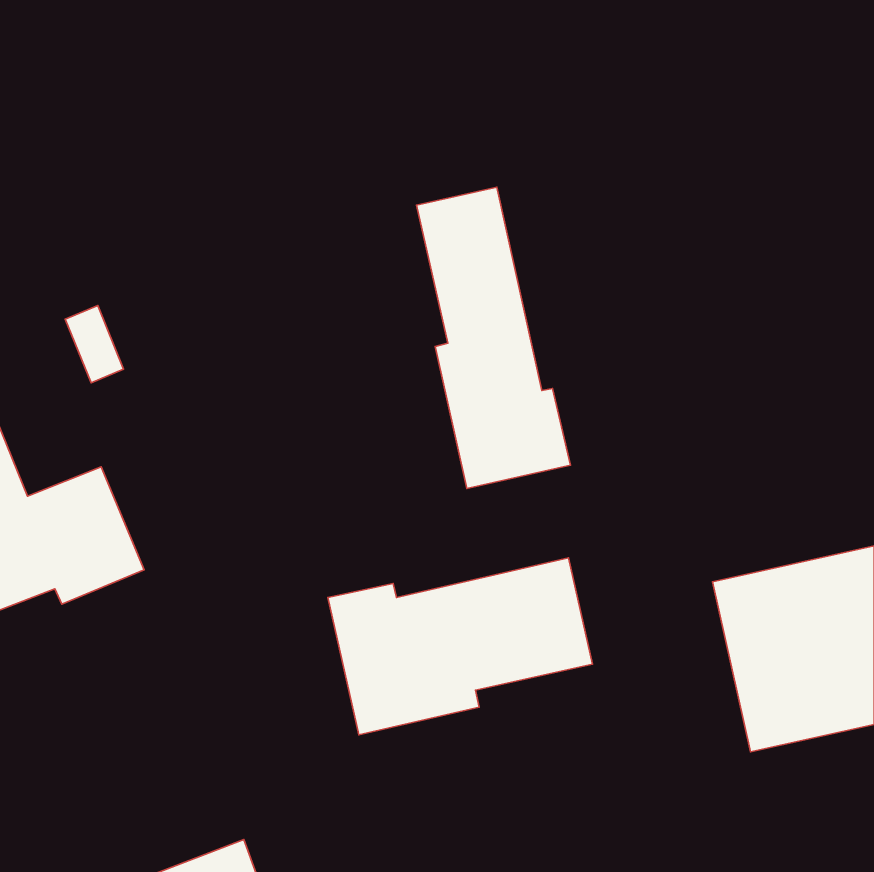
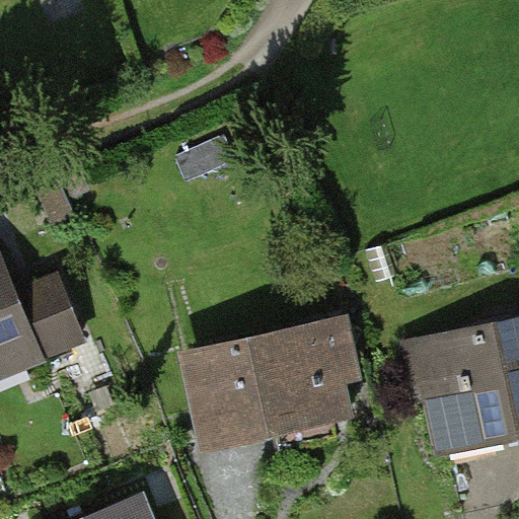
building: [416,187,570,489] -> none

